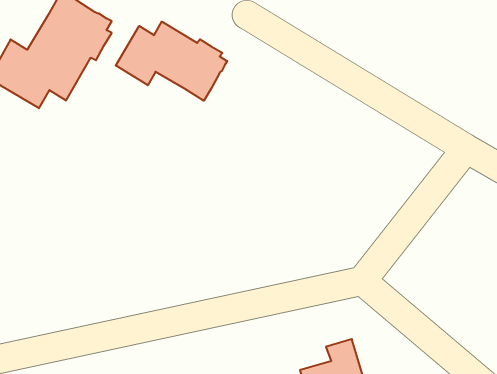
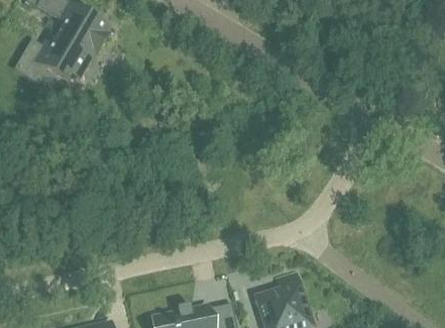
building: [116,22,227,101] -> none

